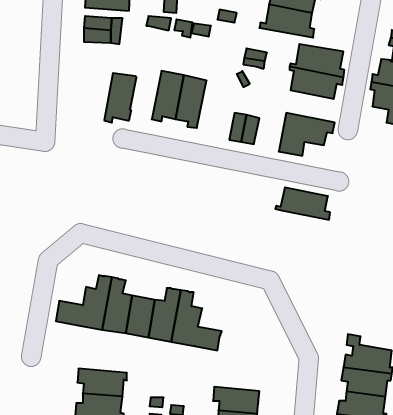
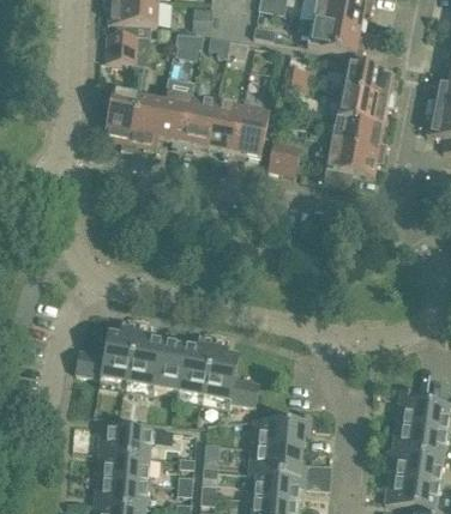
building: none -> [157,87,192,146]
building: none -> [102,89,138,147]
building: none -> [231,103,269,158]
building: [275,187,330,220] -> [325,114,386,150]
building: none -> [251,412,311,449]

